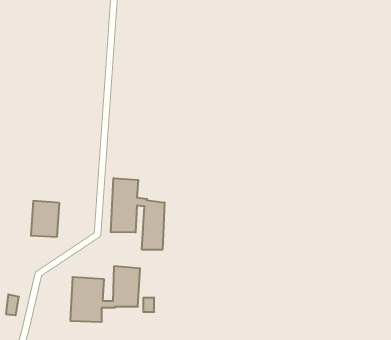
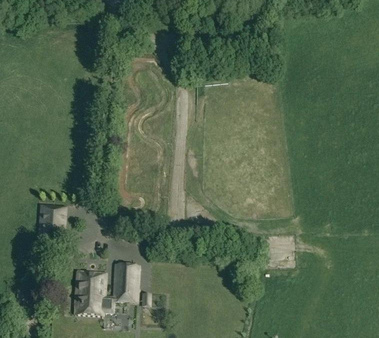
building: [111,178,165,250] -> none

